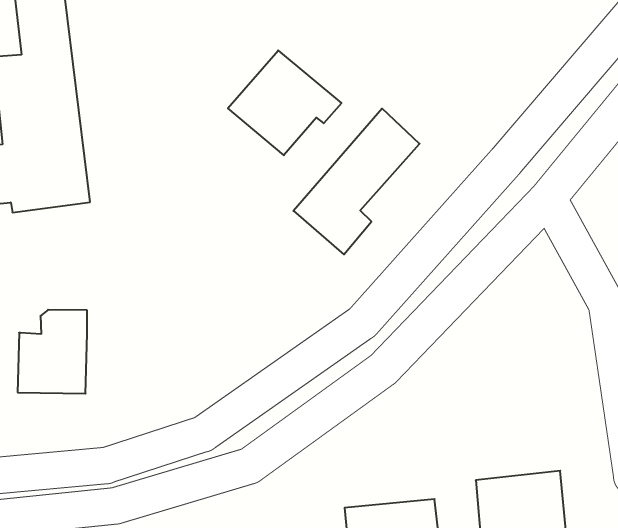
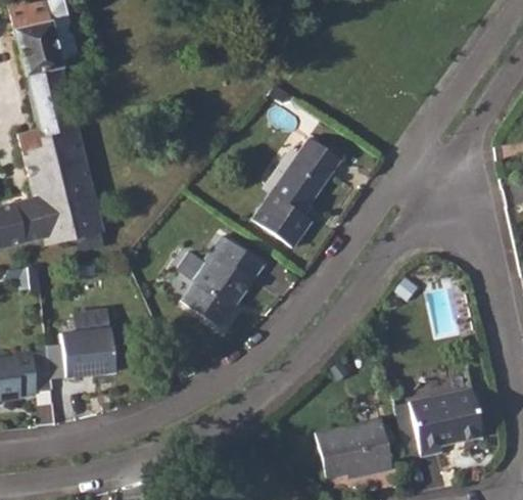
building: [228,50,341,155] -> none
building: none -> [183,235,265,327]

